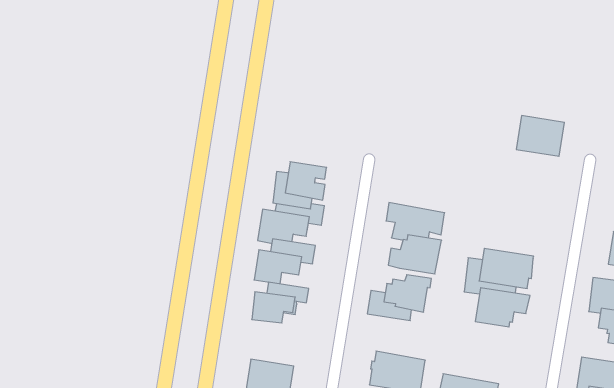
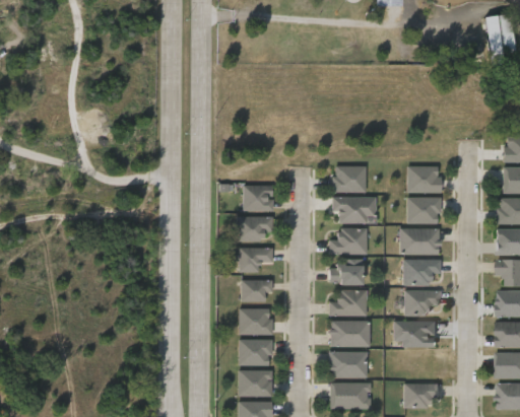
building: [516,116,564,156] -> [408,166,442,193]
building: none -> [334,166,367,192]
building: none -> [408,198,441,224]
building: none -> [331,288,369,315]
building: none -> [240,309,272,336]
building: none -> [406,289,443,315]

